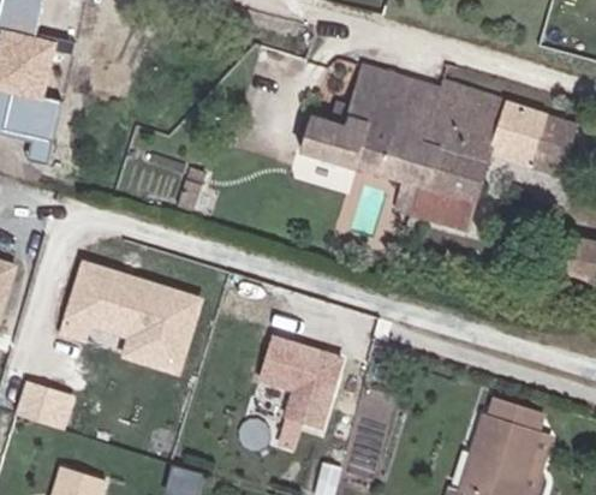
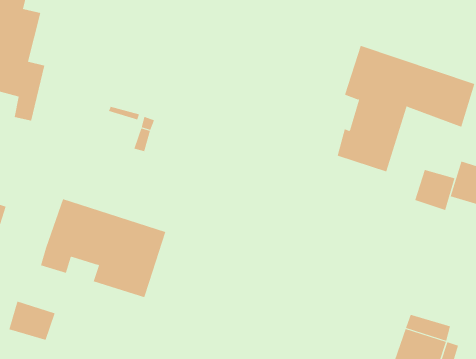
building: [291,59,433,209] -> none
building: none -> [414,169,455,211]
building: [262,341,342,433] -> none

